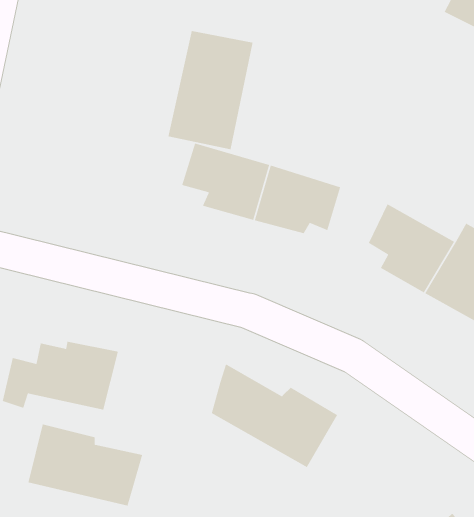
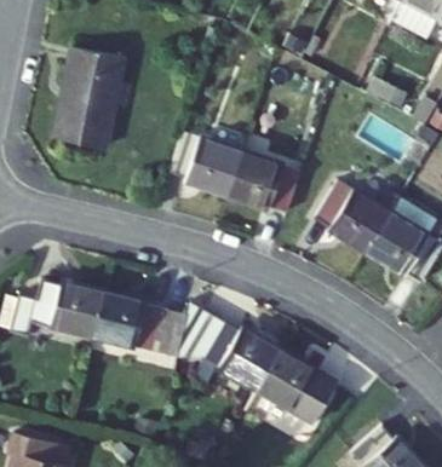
building: [168,30,254,150] -> [47,54,117,152]
building: none -> [272,353,345,426]
building: [27,423,143,506] -> [107,301,201,369]

